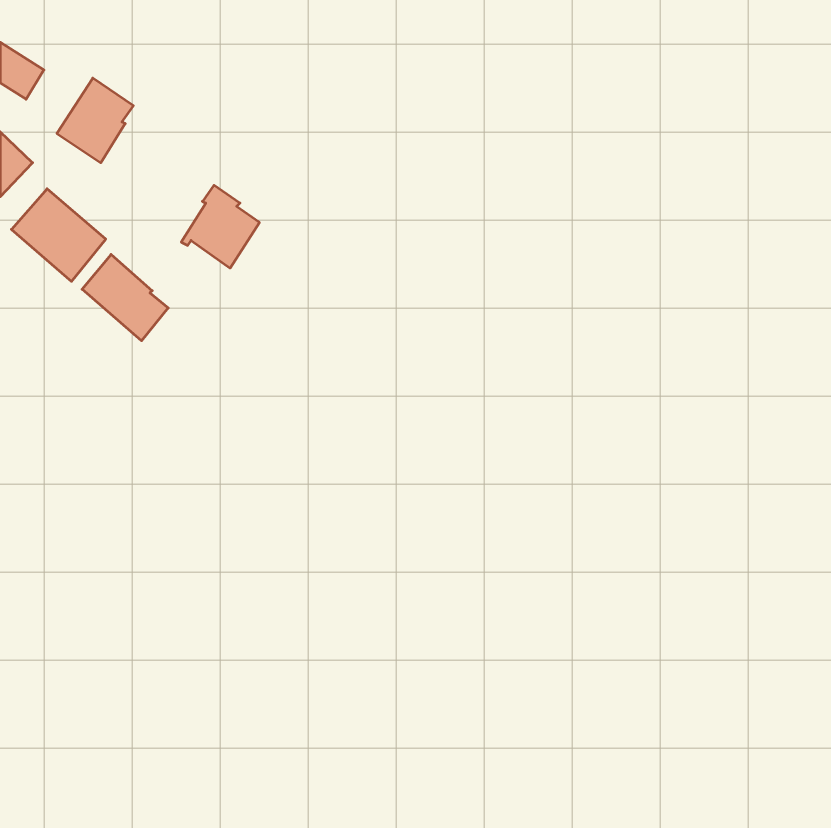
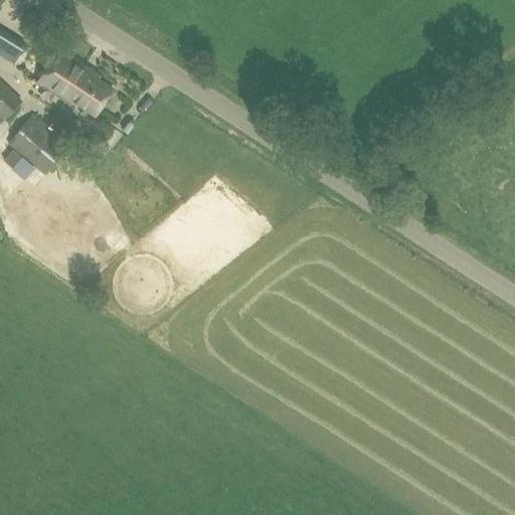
building: [181,185,259,268] -> [62,67,111,119]
building: [82,254,168,341] -> none

